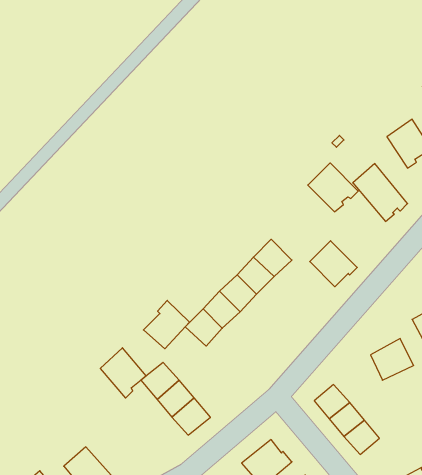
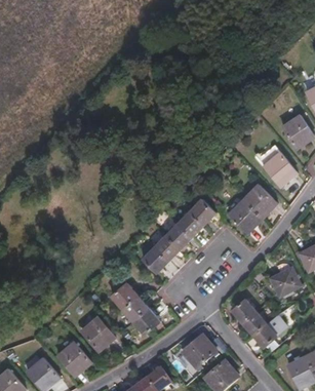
building: [308,163,358,212] -> [242,184,277,218]
building: [143,300,190,349] -> none
building: [100,348,146,398] -> [81,316,113,351]

